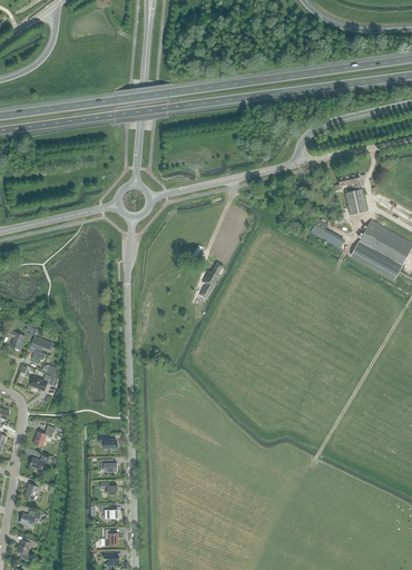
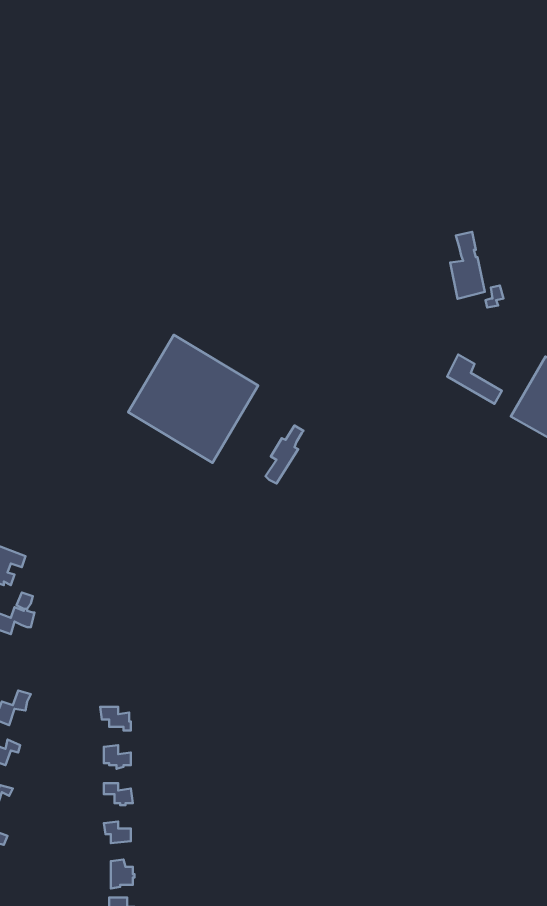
building: [345,174,366,215] -> [450,232,485,299]
building: none -> [128,335,258,463]

